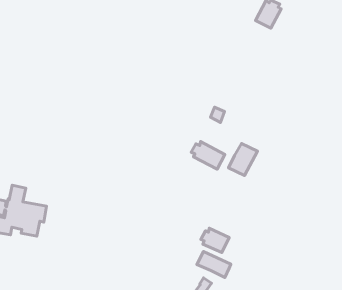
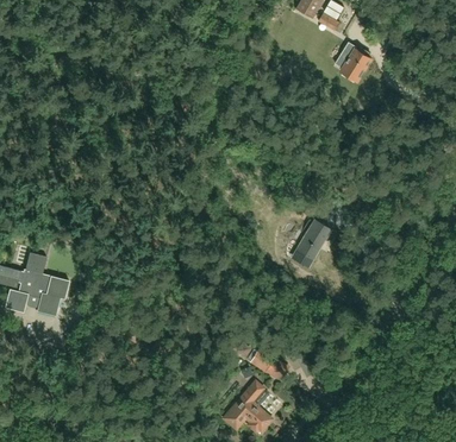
building: [191,142,225,169] -> none
building: [201,228,229,253] -> none

